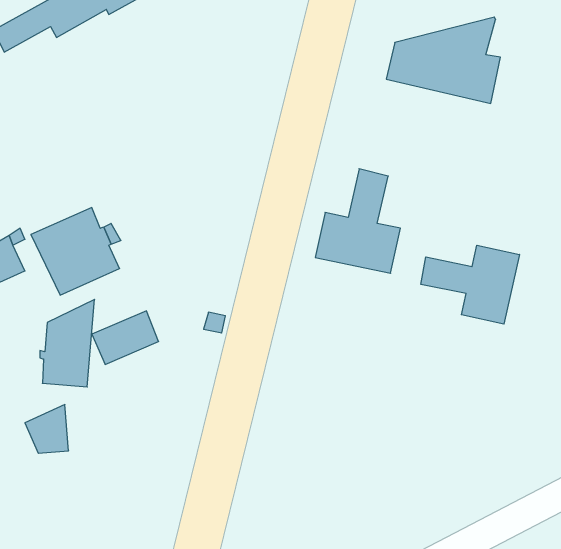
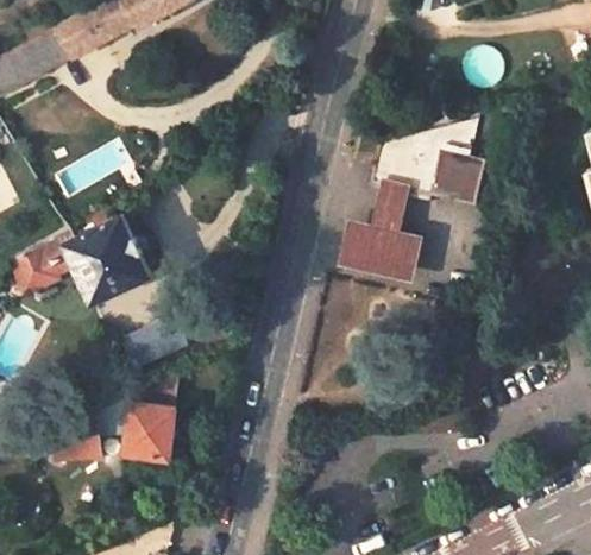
building: [386,17,500,103] -> [377,118,489,202]
building: [421,245,519,324] -> none
building: [40,299,95,387] -> [121,374,175,460]

